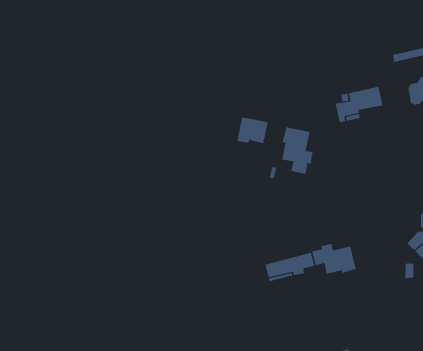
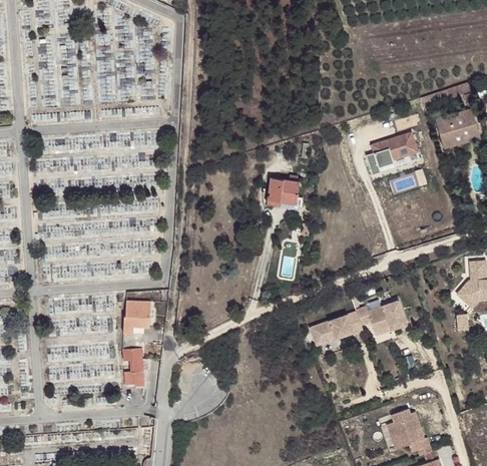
building: [282,127,313,174] -> none
building: none -> [122,296,149,331]
building: none -> [125,346,145,382]

